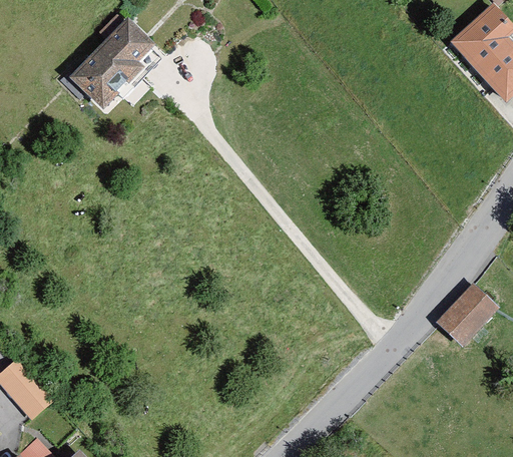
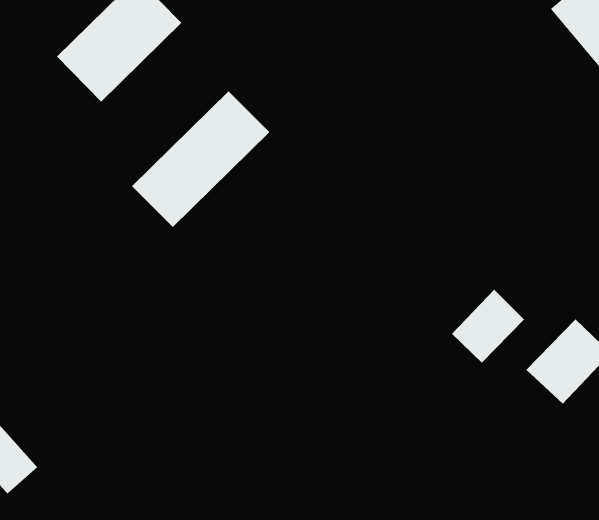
building: none -> [131,90,270,228]
building: none -> [451,289,525,363]

